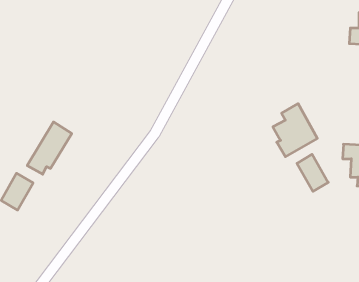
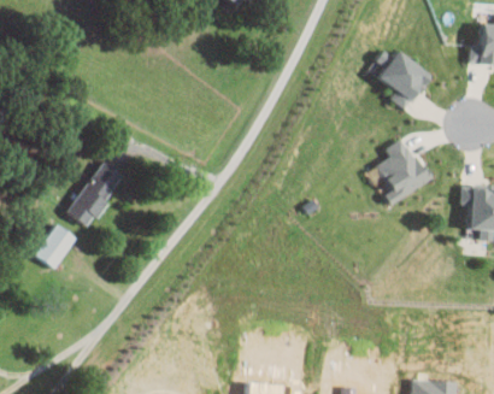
building: none -> [367,49,430,111]
building: [297,154,328,191] -> none

